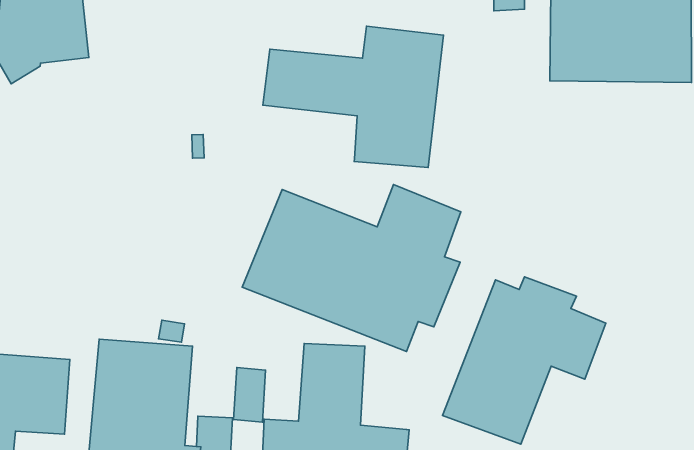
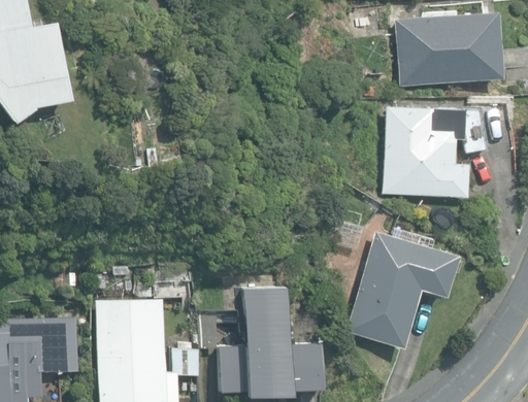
building: [263,26,443,168] -> none
building: none -> [384,107,487,197]
building: [242,185,461,351] -> none

